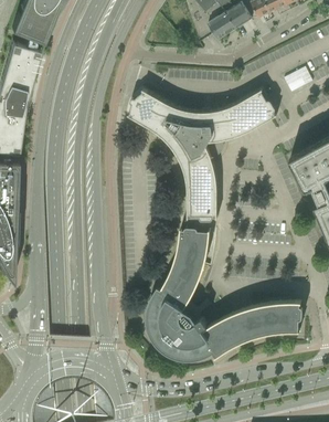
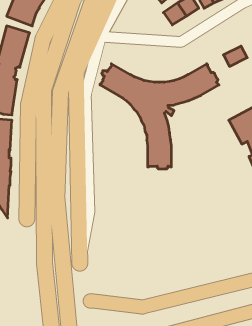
building: [145,225,301,360] -> none

